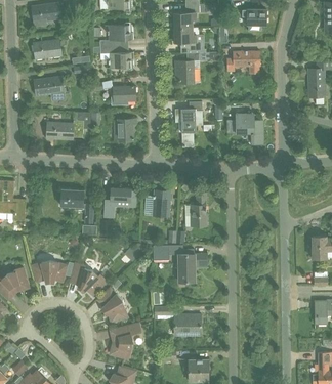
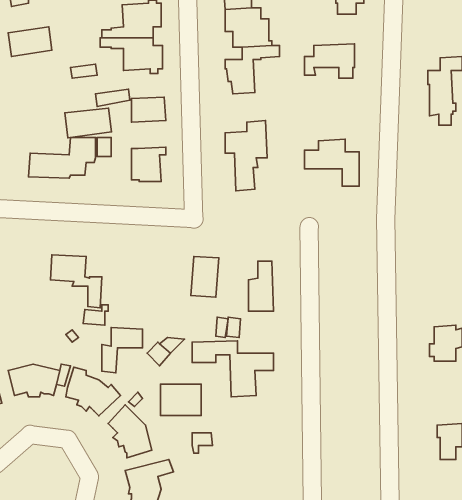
building: [33,76,64,95] -> [65,108,112,138]
building: [103,187,130,217] -> [102,327,142,373]
building: [173,313,200,334] -> [160,384,201,415]

